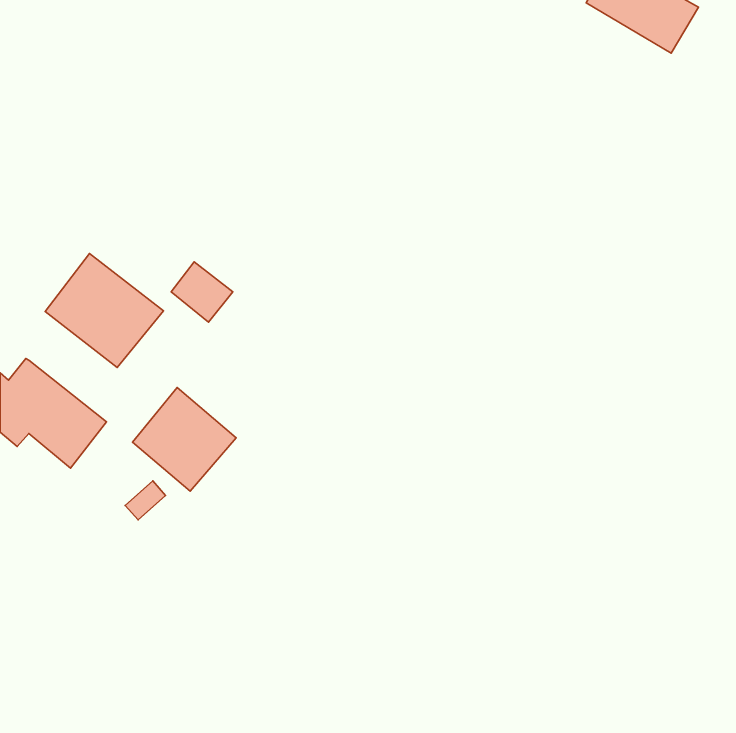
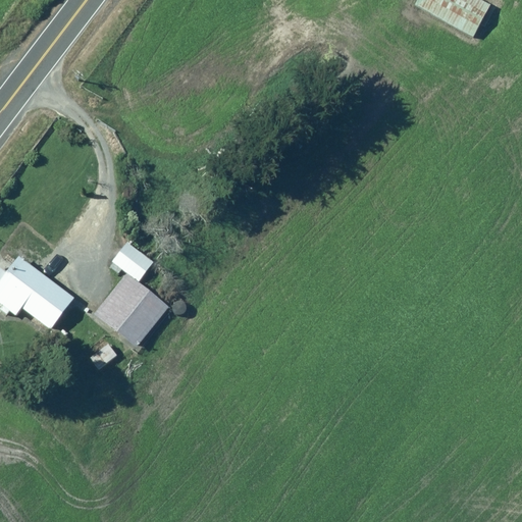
building: [45,254,163,368] -> none
building: [171,262,233,322] -> [110,240,154,282]

